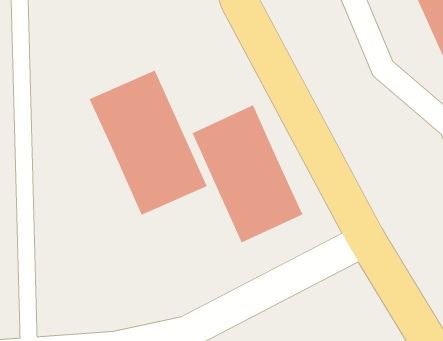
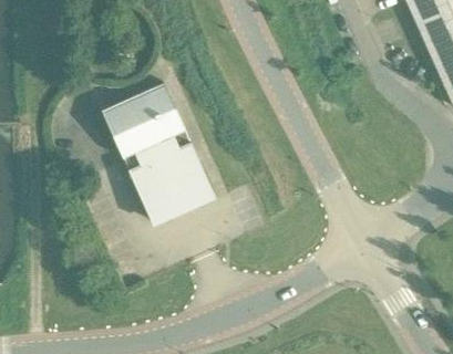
building: [192,104,303,243] -> none

